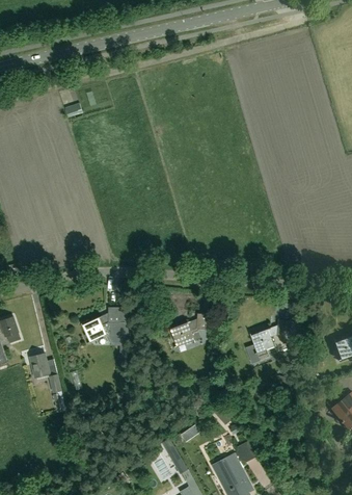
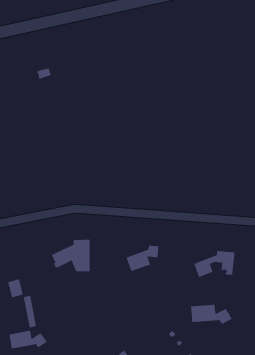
building: none -> [190,304,233,325]
building: none -> [8,330,48,349]

